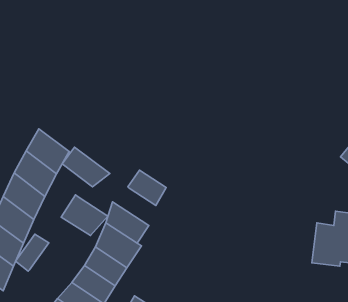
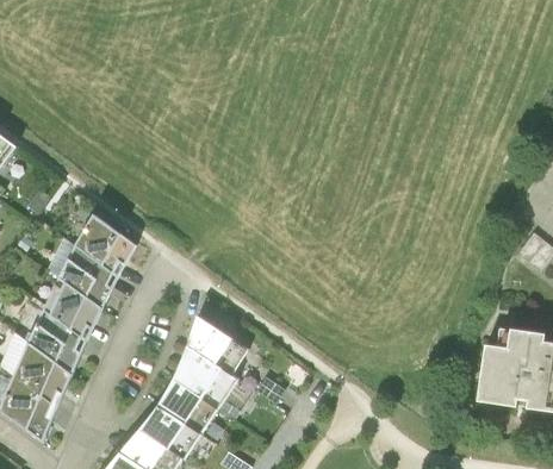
building: [62,147,110,187] -> none
building: [128,170,166,205] -> none
building: [61,195,108,236] -> none
building: [16,234,49,271] -> none

